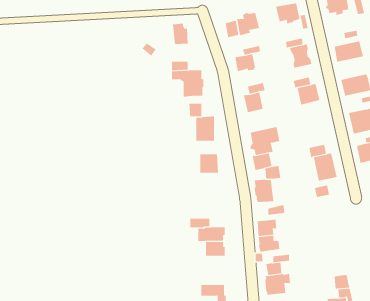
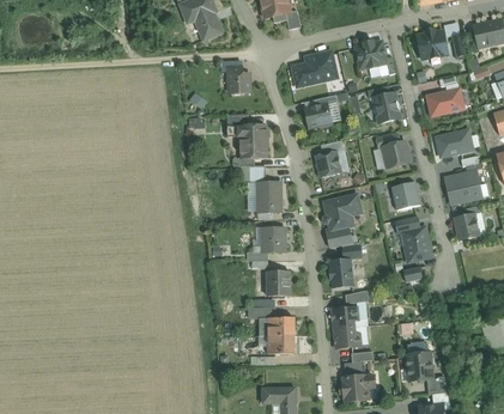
building: none -> [390,181,419,209]
building: none -> [266,270,289,294]
building: none -> [406,352,432,380]

